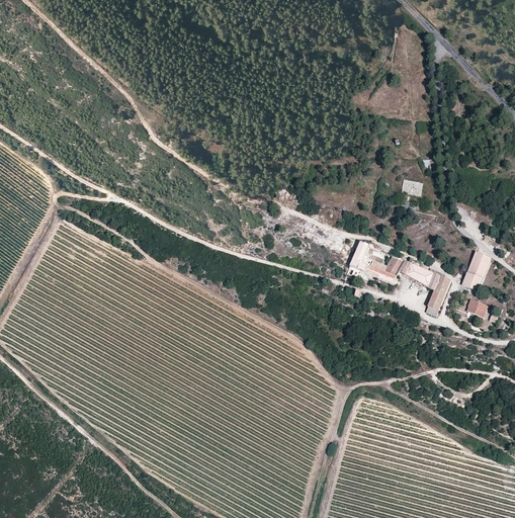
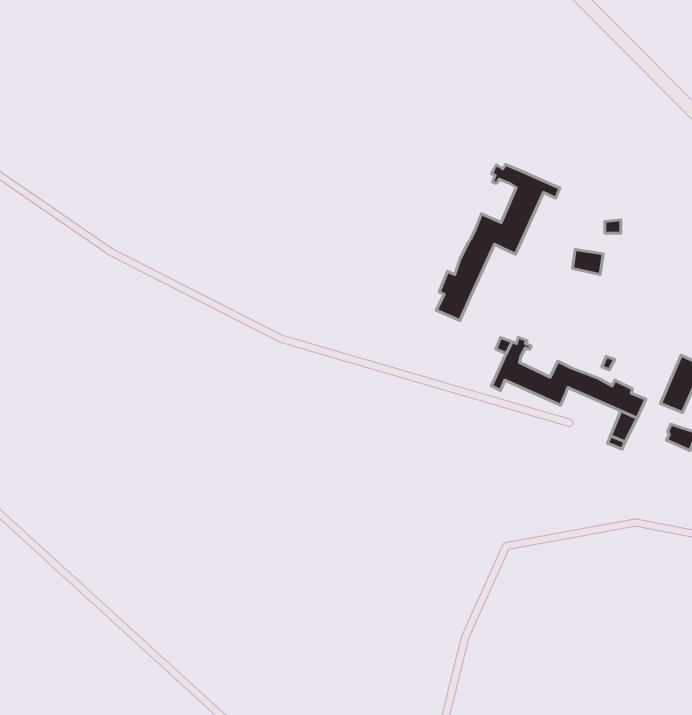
building: none -> [436,164,560,321]

